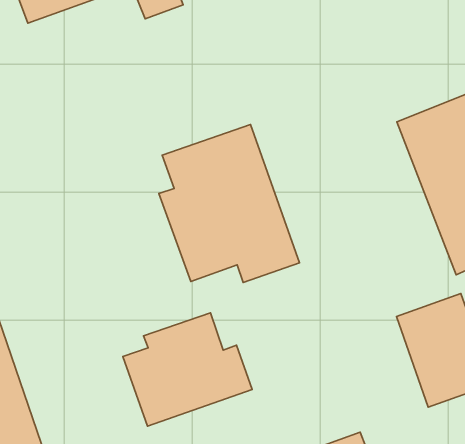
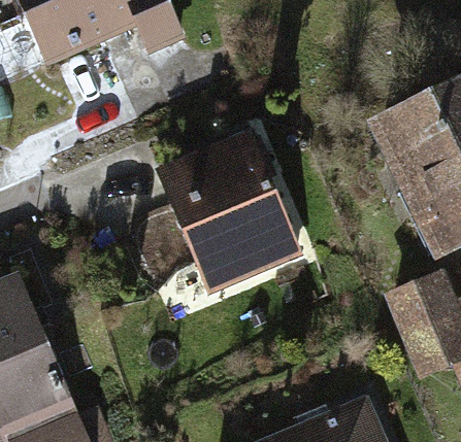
building: [123,313,252,426] -> none

